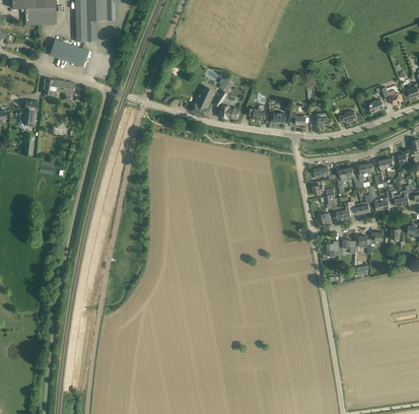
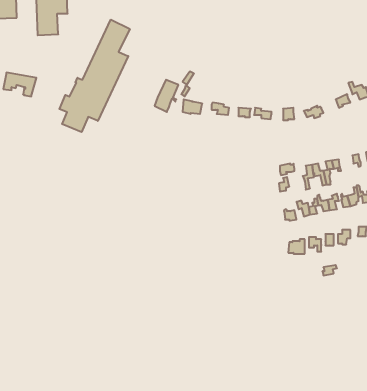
building: none -> [59,20,130,132]
building: [50,38,88,65] -> none

